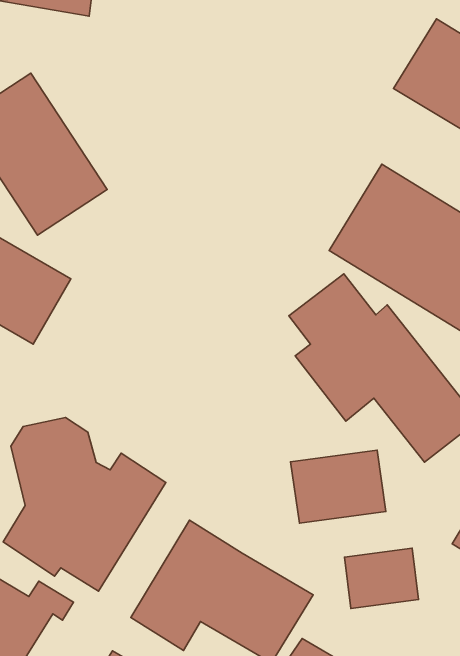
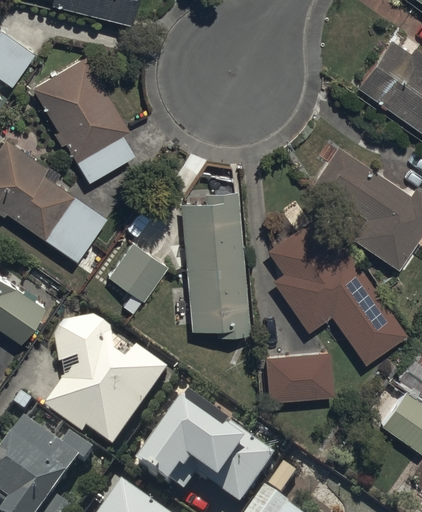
building: none -> [178,191,250,337]
building: none -> [106,243,167,304]
building: [344,548,418,609] -> none

